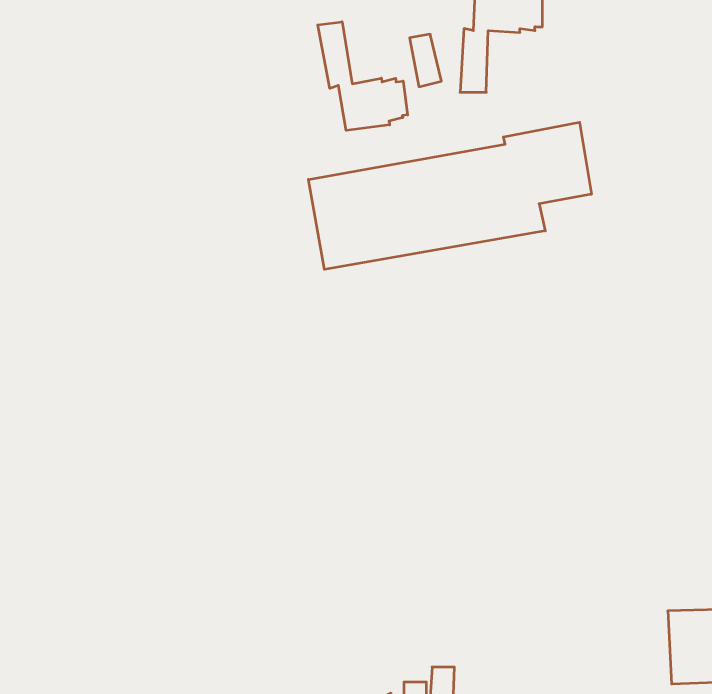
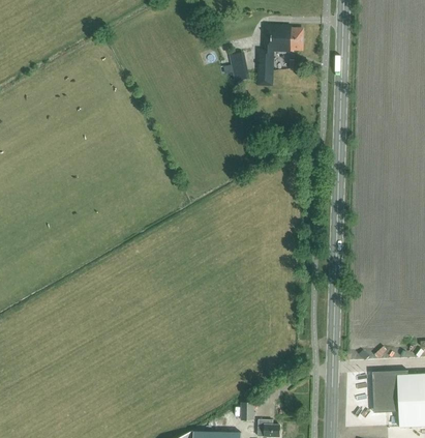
building: [318,22,408,130] -> none
building: [308,122,591,269] -> none

